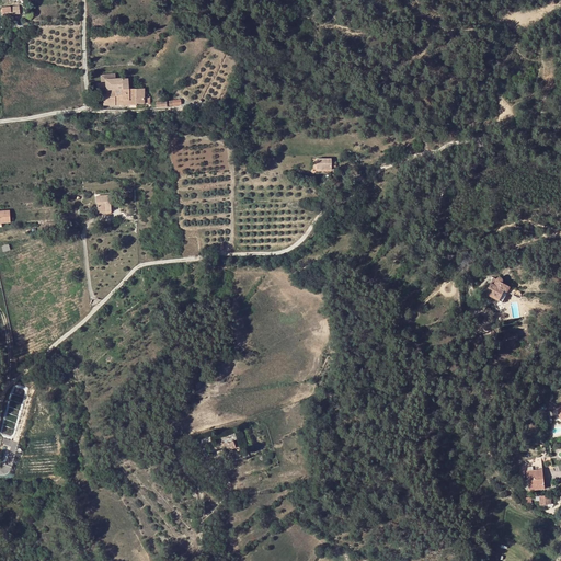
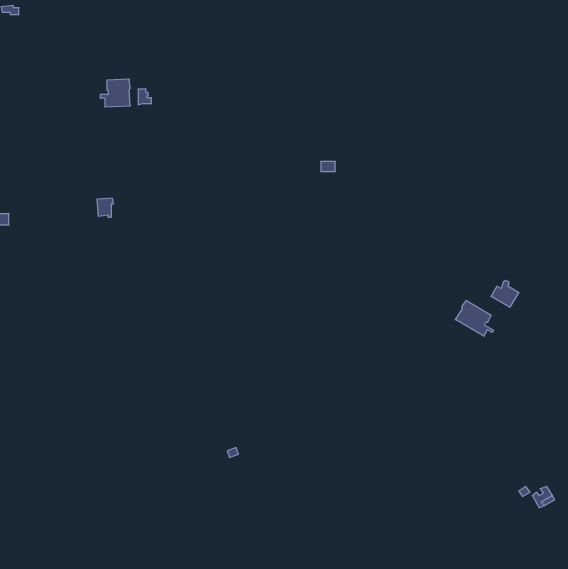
building: none -> [455,300,493,336]

